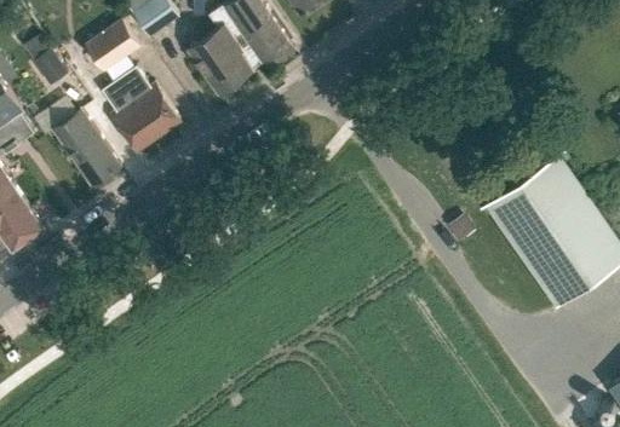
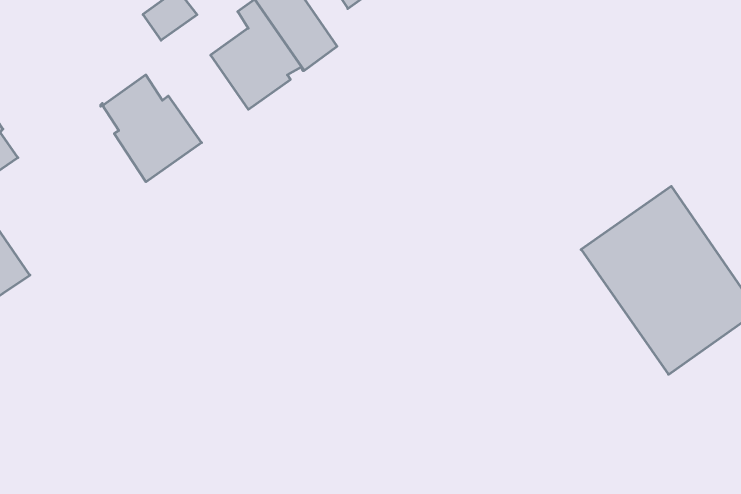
building: [85,18,140,71] -> none
building: [33,48,69,87] -> none
building: [52,109,120,186] -> none

